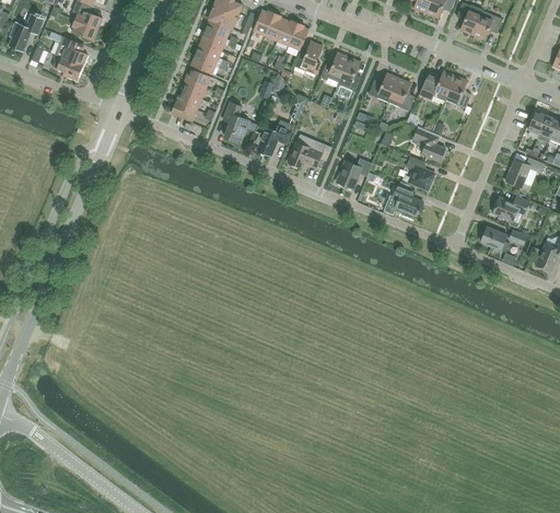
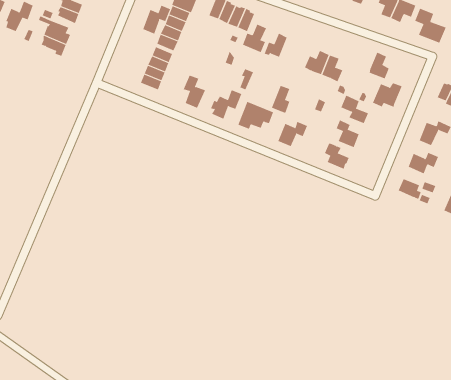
building: none -> [143,5,171,34]
building: none -> [415,8,446,44]
building: [337,57,360,91] -> [271,85,290,113]
building: [419,70,455,100] -> [372,83,402,107]

